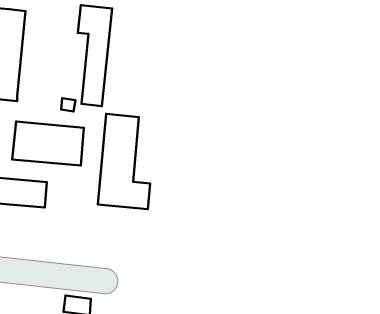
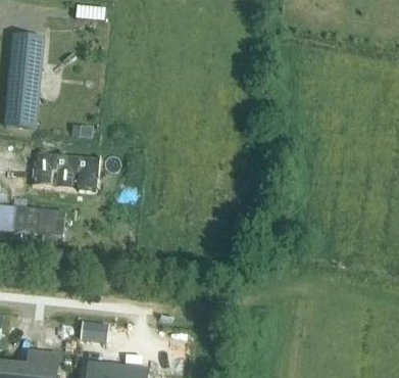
building: [78,5,112,106] -> none
building: [98,114,150,209] -> none

